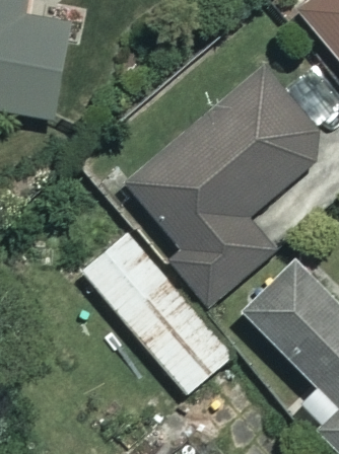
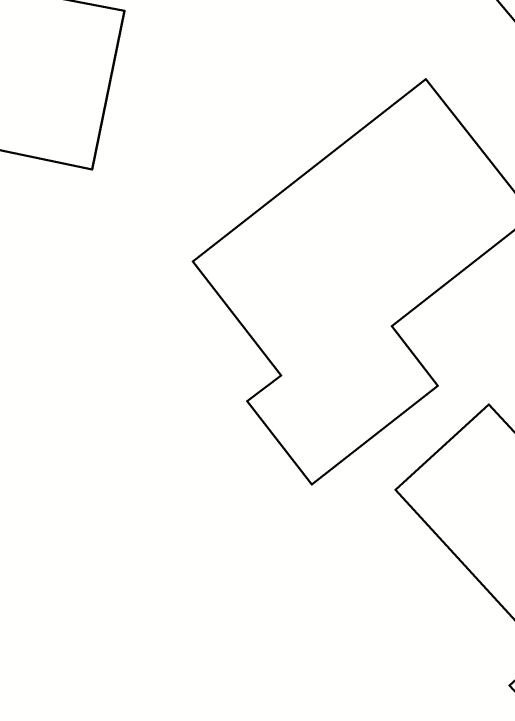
building: [82,231,224,393] -> none

